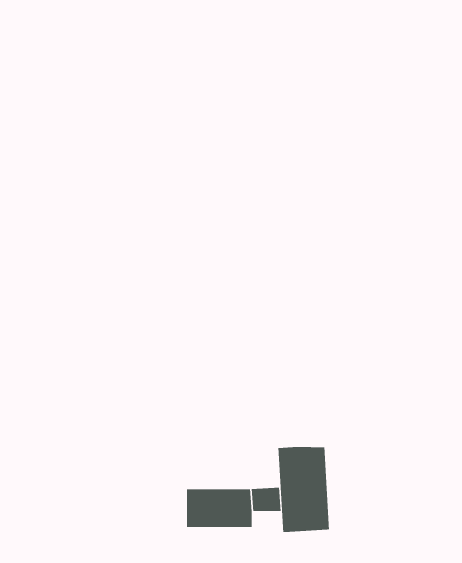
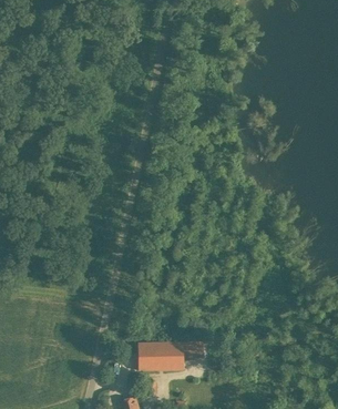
building: [278,446,329,533] -> none

